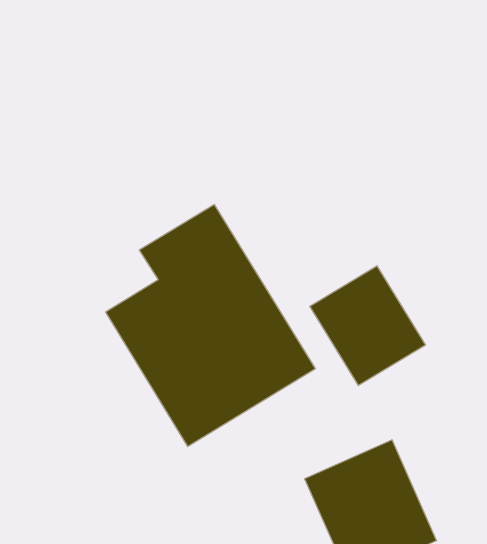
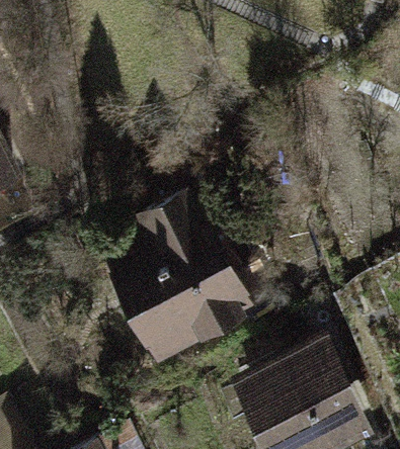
building: [310,266,425,385] -> none

